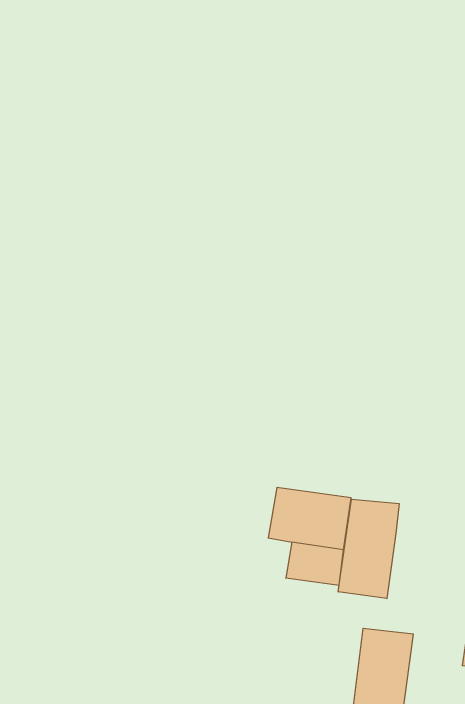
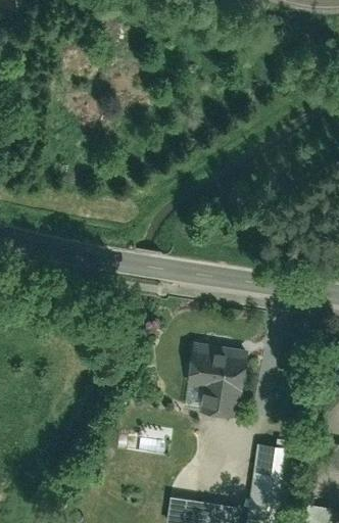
building: [338,499,399,599] -> none

